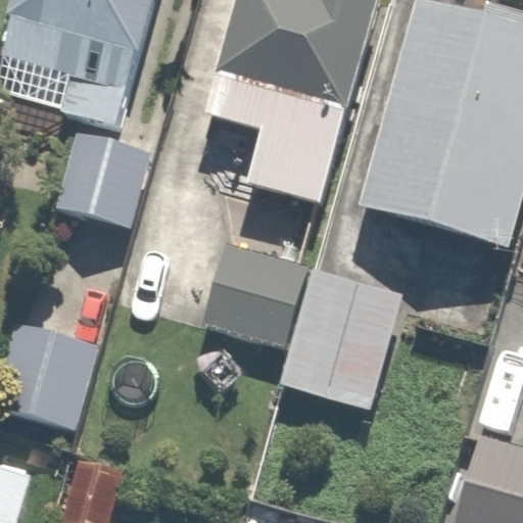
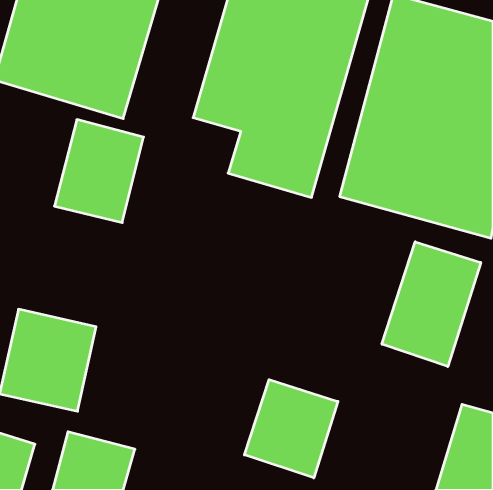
building: [199,240,395,417] -> none
building: none -> [382,242,481,367]
building: none -> [244,380,338,478]

